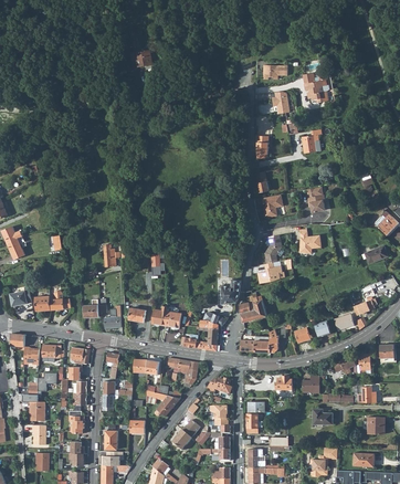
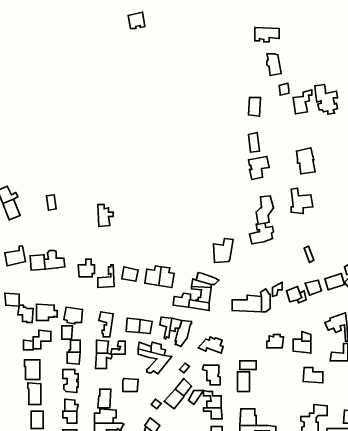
building: [304,73,327,103] -> [315,85,338,114]
building: [239,291,266,323] -> none

